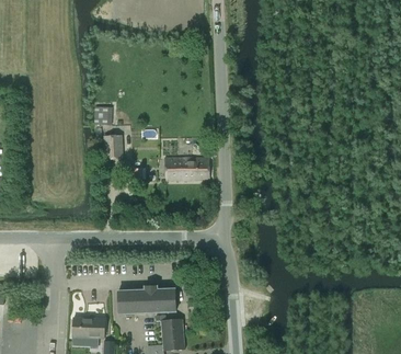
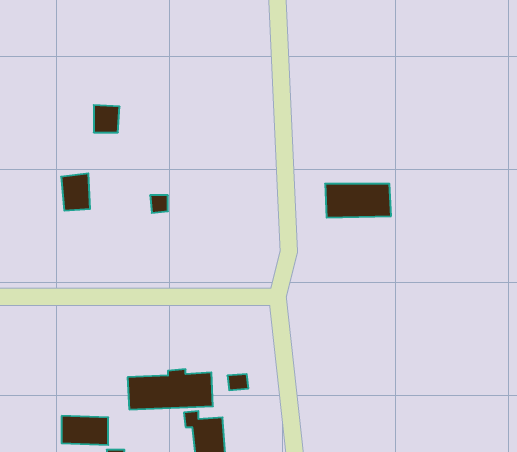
building: [103,135,123,160] -> [61,173,90,211]
building: [164,158,209,181] -> [325,184,391,218]

